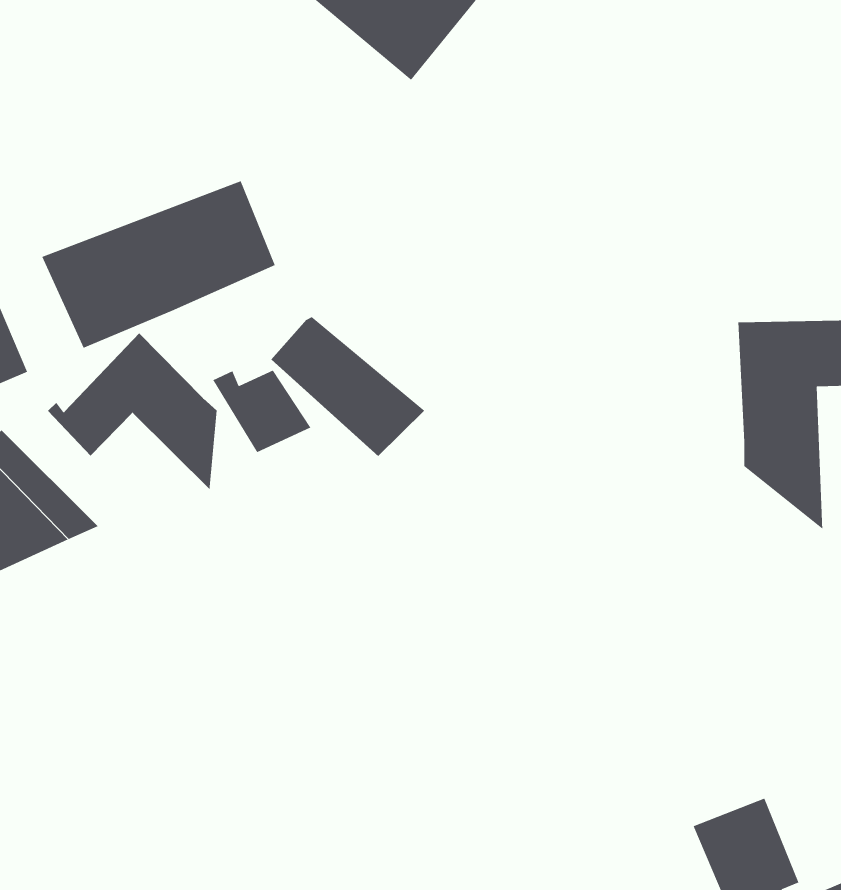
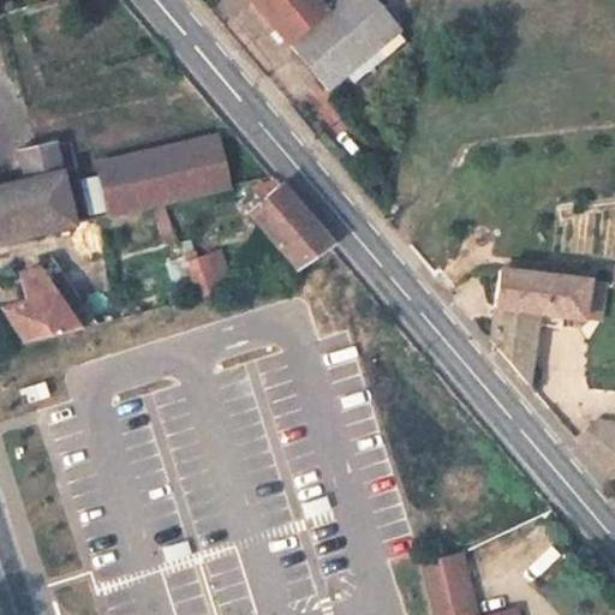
building: [271,316,425,457] -> [245,177,332,267]
building: [47,332,218,490] -> none

